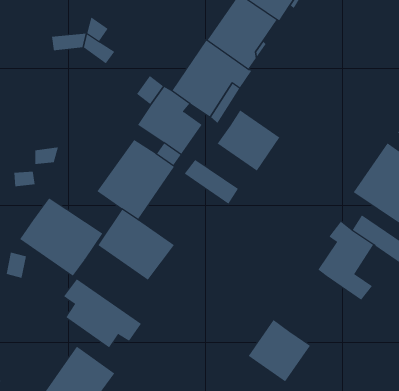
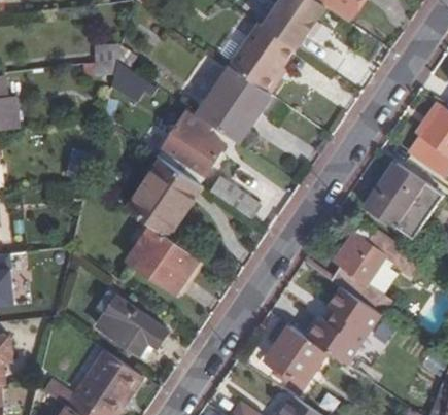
building: [217,110,280,172] -> none
building: [19,198,103,277] -> none
building: none -> [306,286,381,366]

